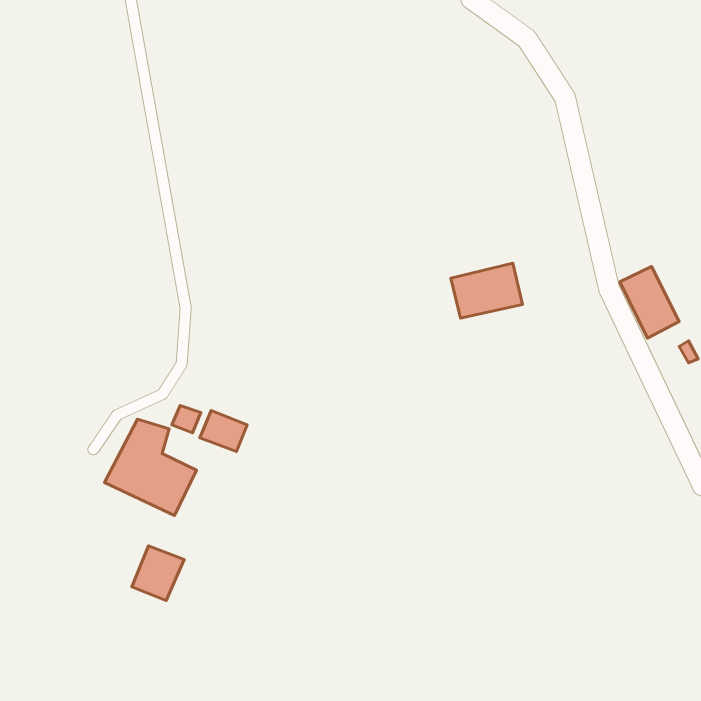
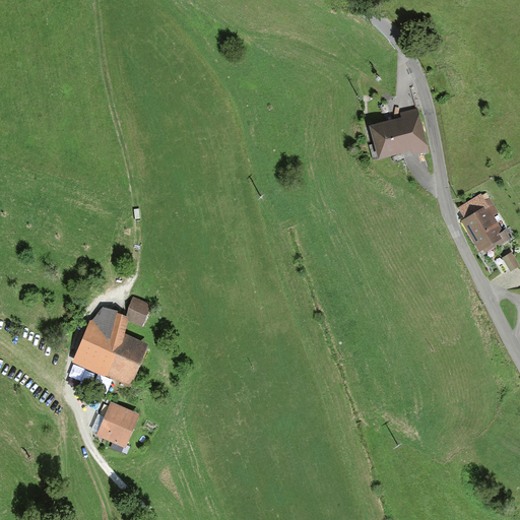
building: [451,263,522,318] -> [372,115,425,155]
building: [200,410,247,452] -> none

